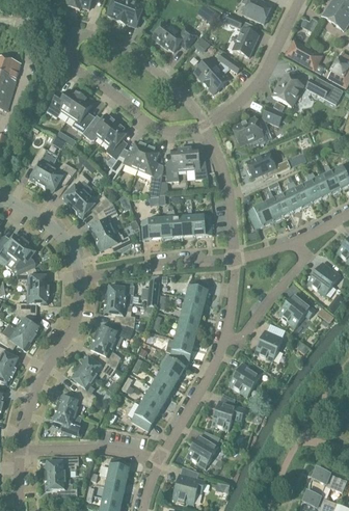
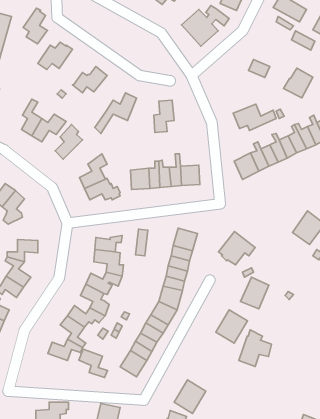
building: [272,75,302,105] -> [283,68,313,98]
building: [69,96,93,132] -> [23,8,48,44]
building: [233,116,262,150] -> none
building: [104,123,128,159] -> none
building: [138,145,163,196] -> none
building: [184,146,208,179] -> none
building: [73,193,112,217] -> none
building: [17,267,48,291] -> none
building: [277,292,315,326] -> [218,231,255,265]
building: [211,393,244,430] -> [239,330,272,367]
building: [53,406,82,435] -> [79,349,107,378]

